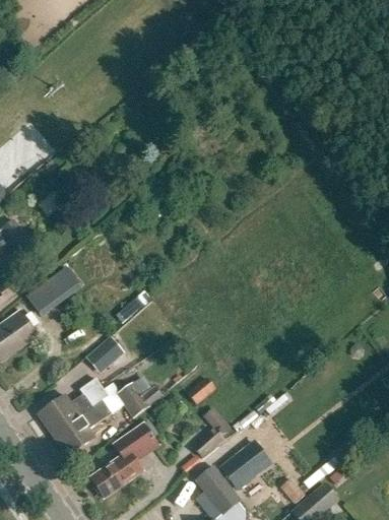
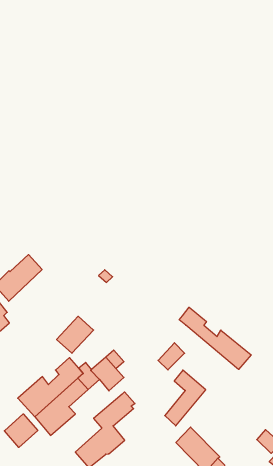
building: none -> [179,307,251,369]
building: none -> [4,414,38,447]
building: [218,442,268,489] -> none

